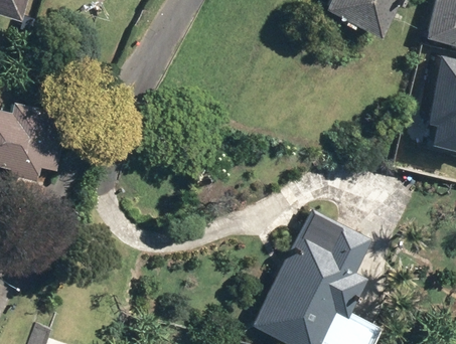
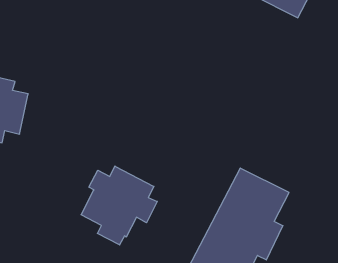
building: none -> [81,166,157,245]

